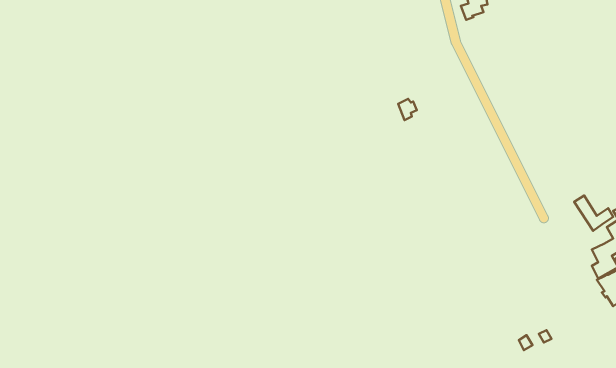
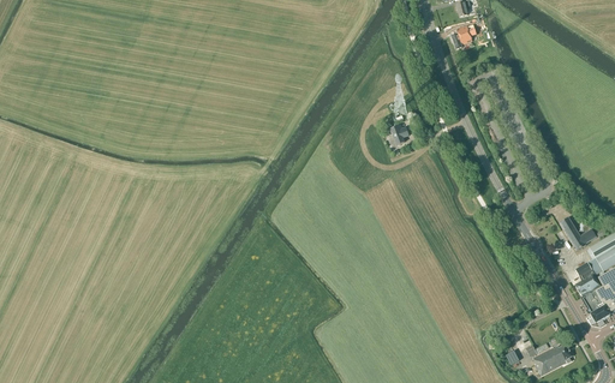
building: none -> [532,343,572,375]

